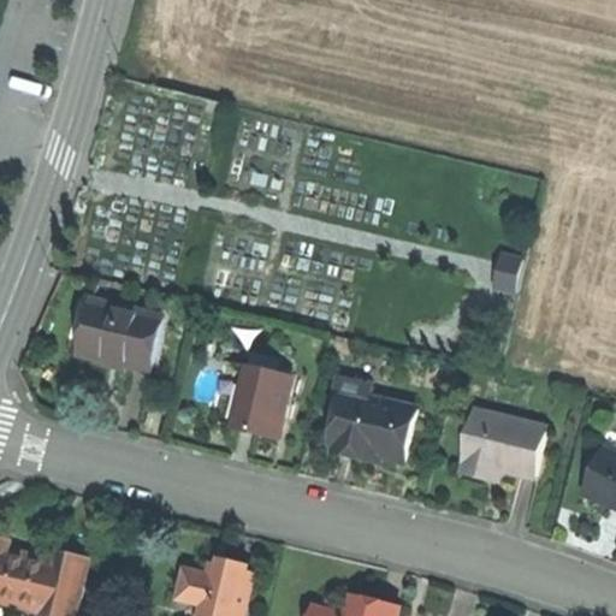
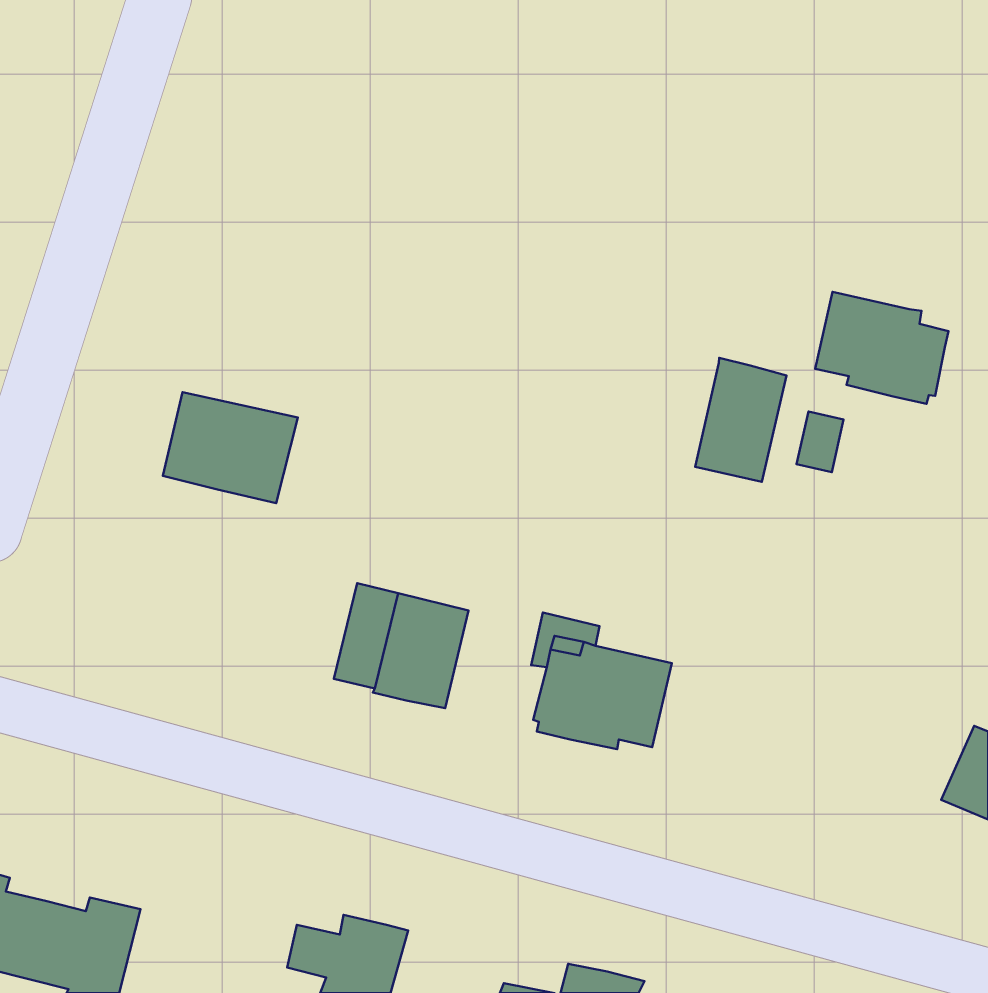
building: none -> [815,292,948,404]
building: none -> [695,358,786,482]
building: [77,301,160,369] -> [163,392,298,503]
building: [458,409,545,481] -> none

